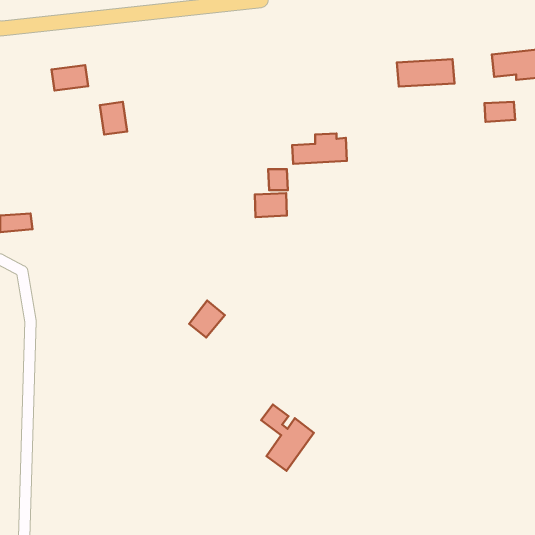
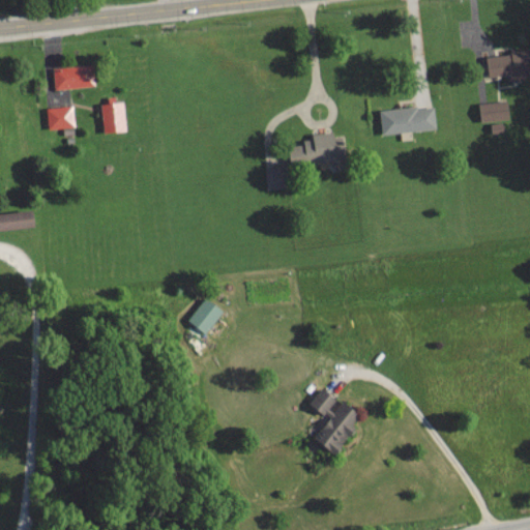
building: [397,59,455,87] -> [380,108,437,135]
building: none -> [48,108,75,129]
building: [255,193,287,217] -> none
building: [261,405,314,471] -> [310,389,361,454]

